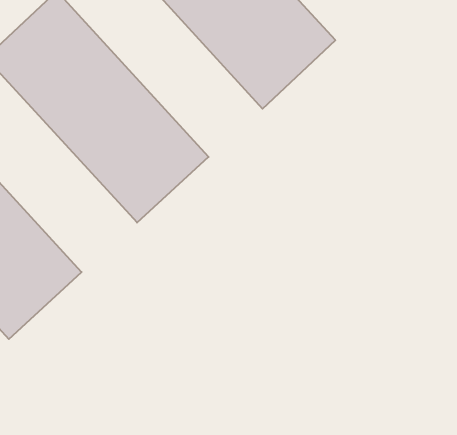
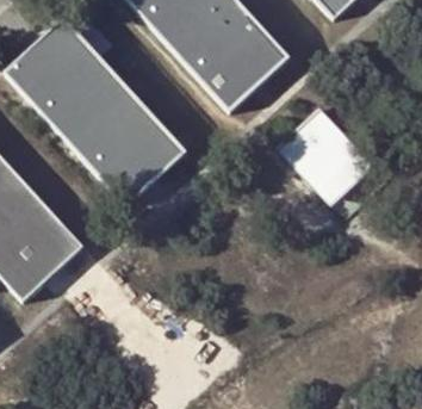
building: none -> [275,107,376,206]

